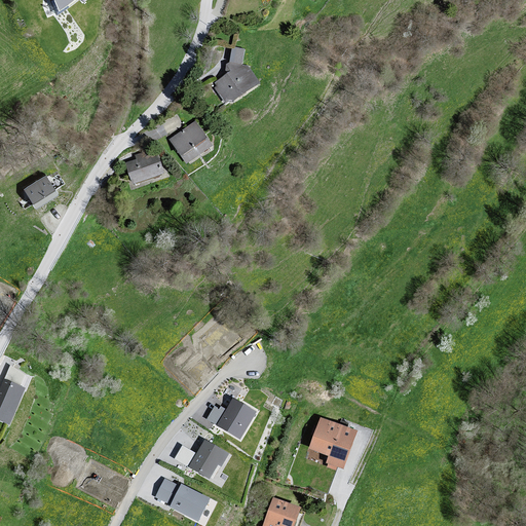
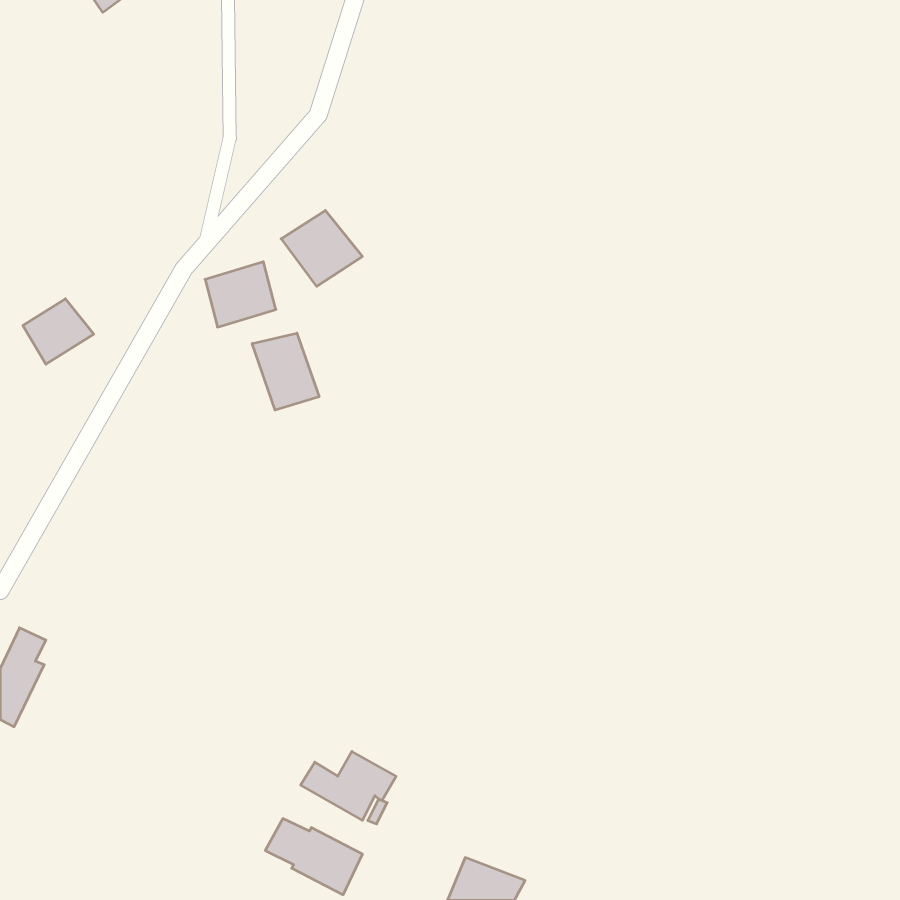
building: [211,64,260,109] -> none
building: none -> [252,333,319,410]
building: [209,396,258,437] -> none
building: [303,420,356,473] -> none

